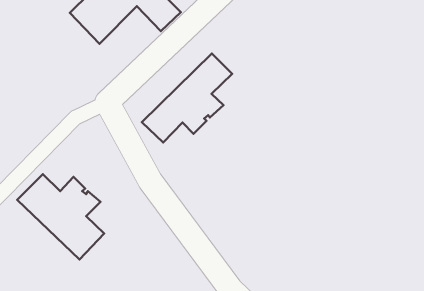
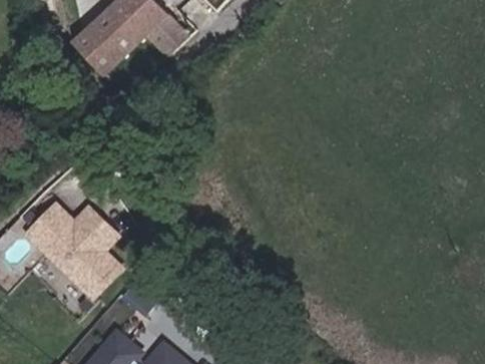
building: [142,53,232,142] -> none

